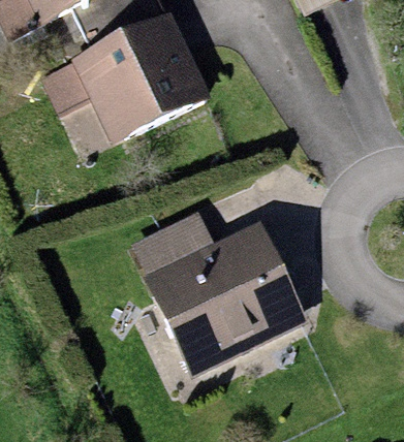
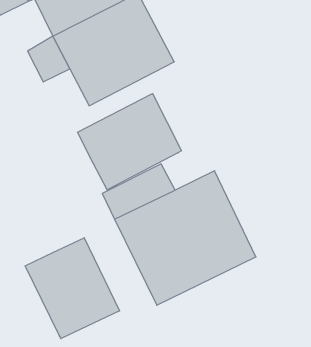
building: none -> [78,94,181,190]
building: none -> [25,238,120,339]

